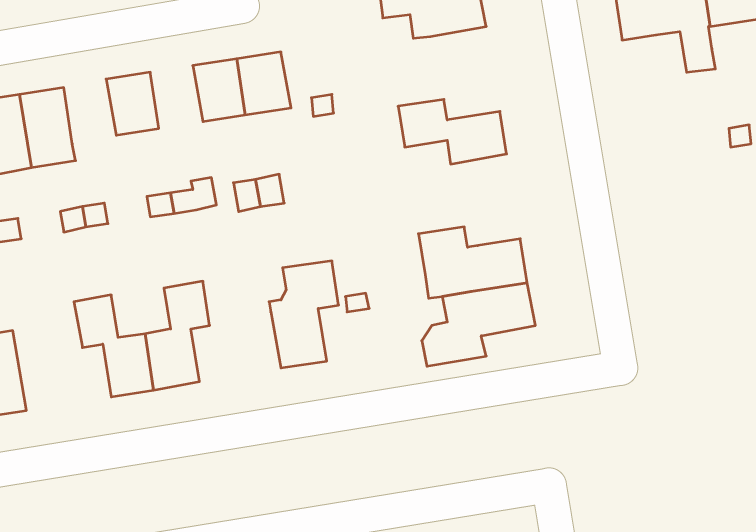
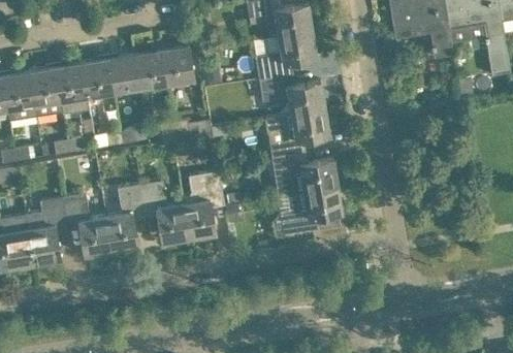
building: none -> [256,31,317,79]
building: none -> [108,55,140,93]
building: none -> [56,63,90,115]
building: none -> [268,108,329,157]
building: none -> [140,183,188,243]
building: none -> [25,198,67,264]

